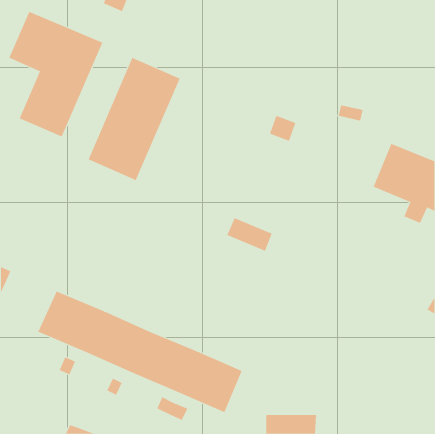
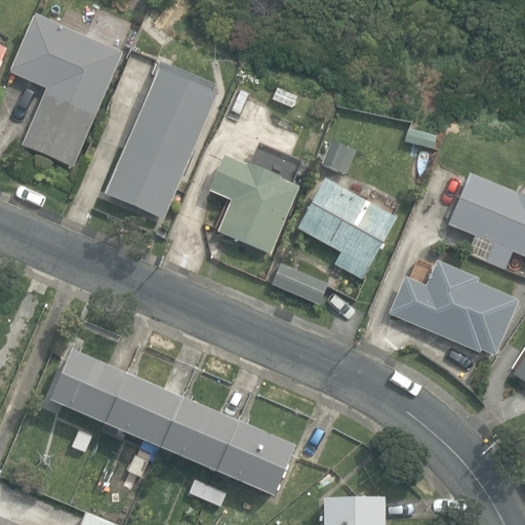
building: none -> [209,154,299,252]
building: none -> [297,177,396,278]
building: none -> [396,268,513,349]

